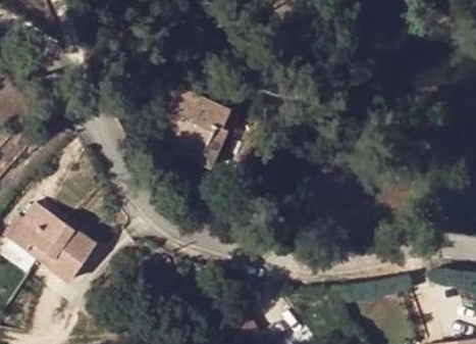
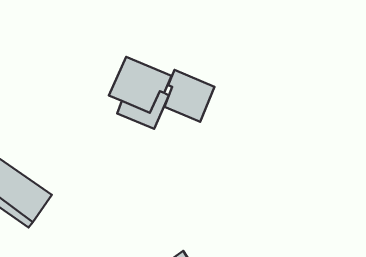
building: none -> [164,70,214,122]

